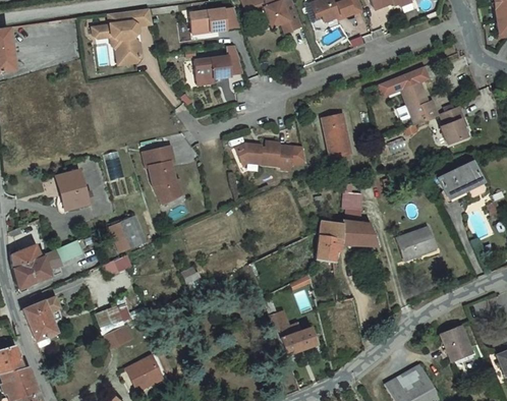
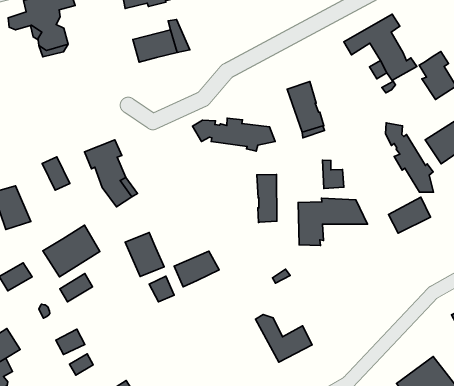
building: none -> [385,123,434,192]
building: none -> [257,174,277,223]
building: none -> [125,233,164,277]
building: none -> [174,251,219,287]

